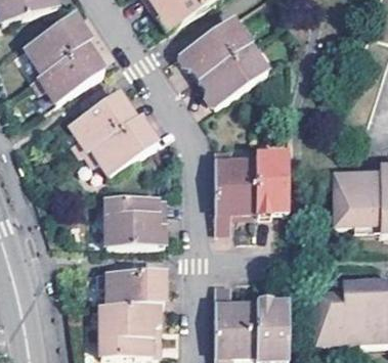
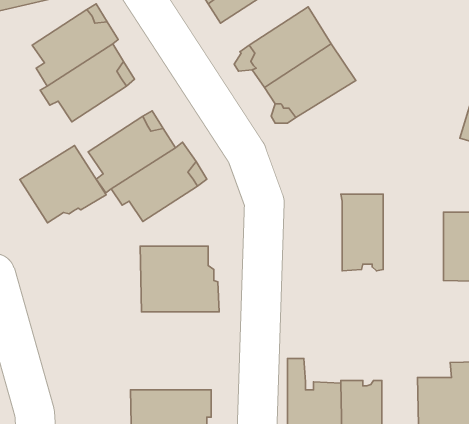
building: none -> [20,145,106,223]
building: [216,152,258,232] -> none
building: [100,271,166,304] -> none

